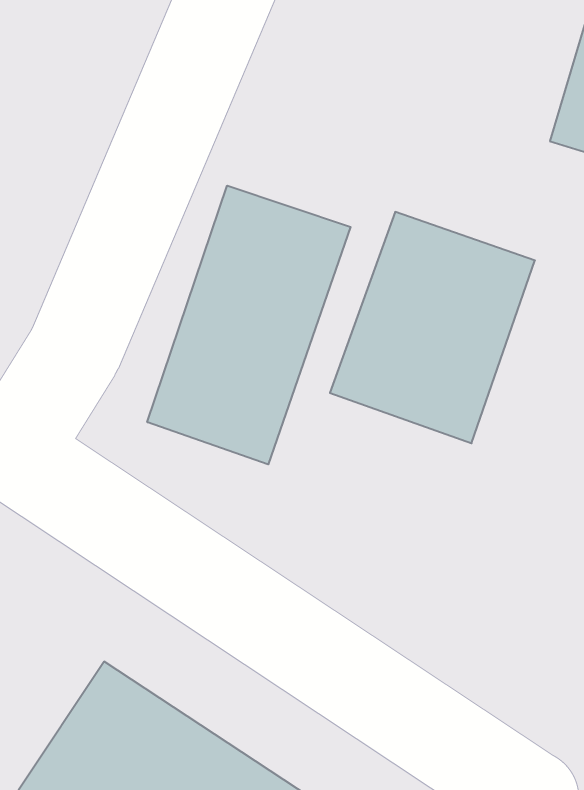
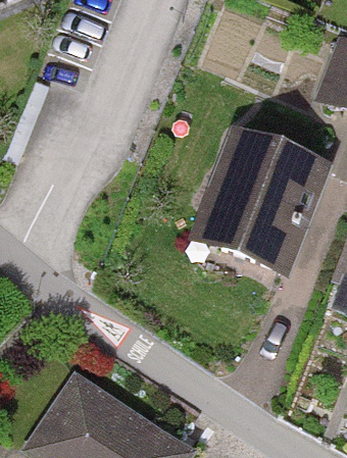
building: [147,186,351,464] -> none

